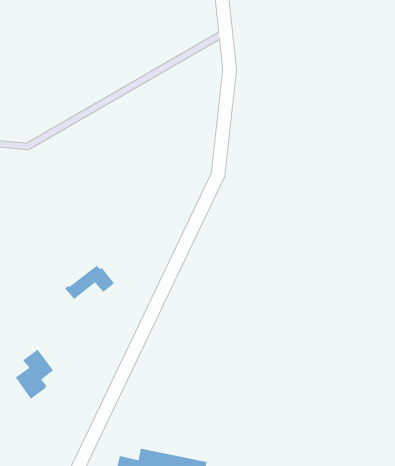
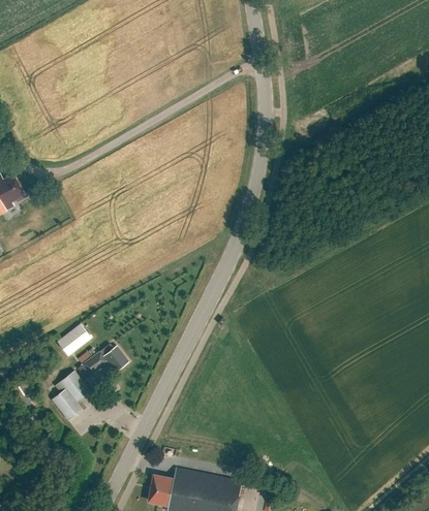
building: [64,265,115,300] -> [78,344,127,378]
building: none -> [57,324,91,356]

